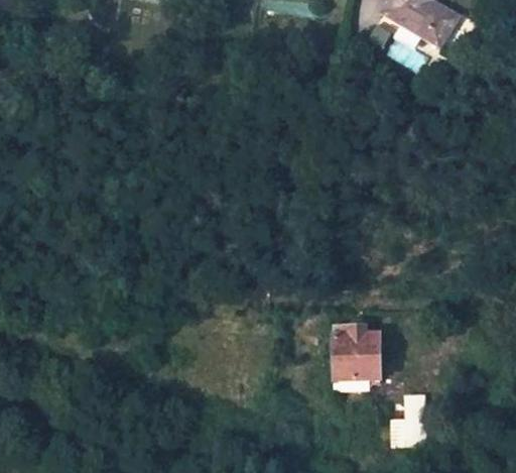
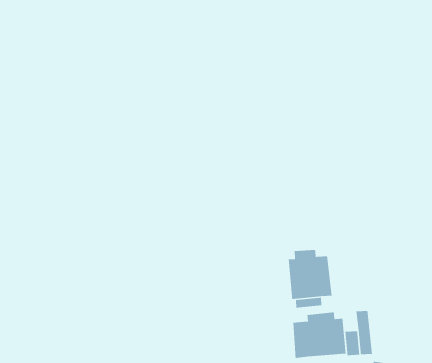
building: none -> [293,311,346,359]

